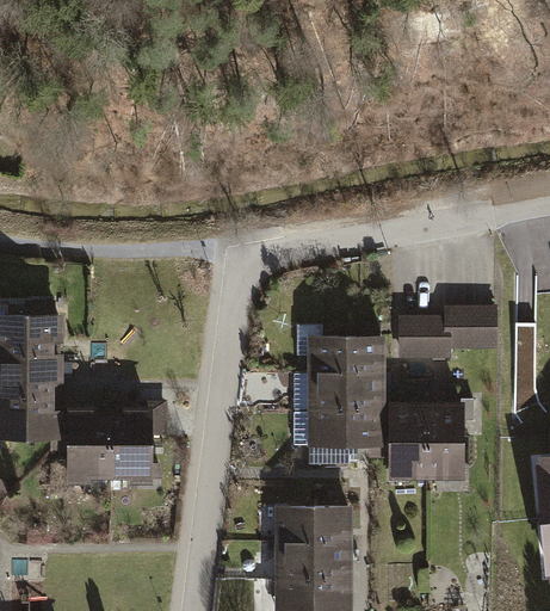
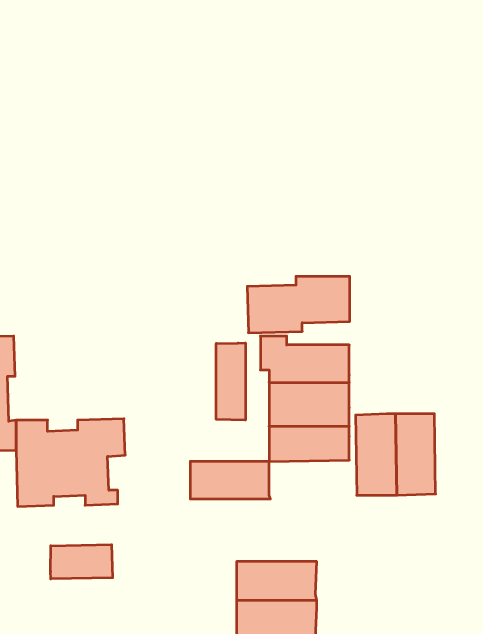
building: [397,307,495,360] -> [247,276,350,333]
building: none -> [216,343,245,420]
building: [274,505,351,541] -> [190,461,270,499]
building: none -> [51,545,113,579]

